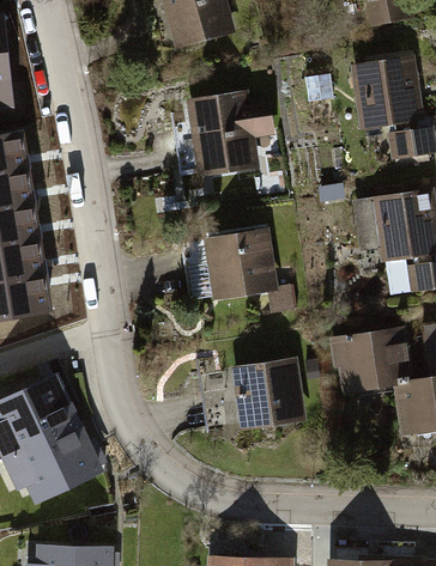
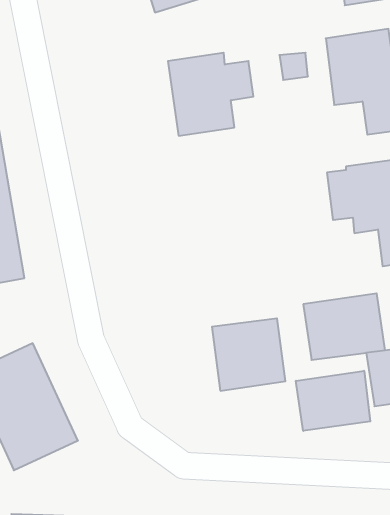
building: [206,221,295,311] -> none
building: none -> [296,371,370,431]

